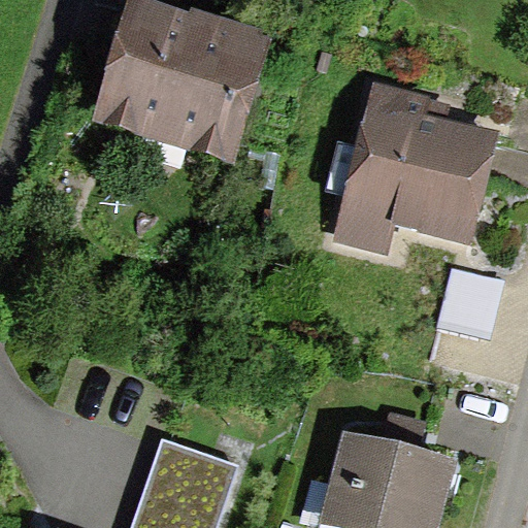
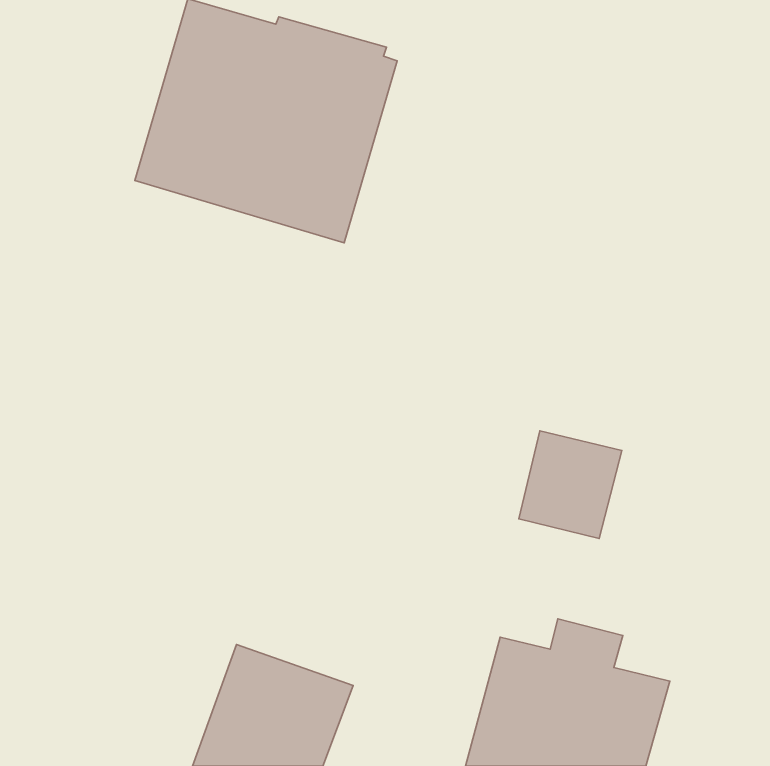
building: [333,81,499,253] -> none
building: [434,266,504,339] -> [519,431,622,538]

